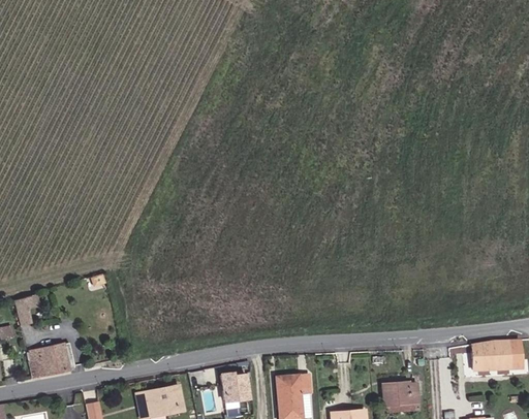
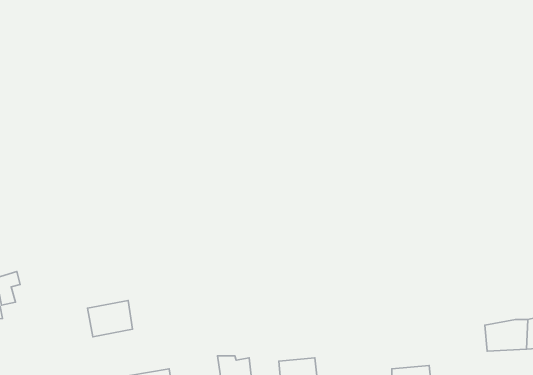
building: [30,345,72,379] -> [87,301,132,337]

